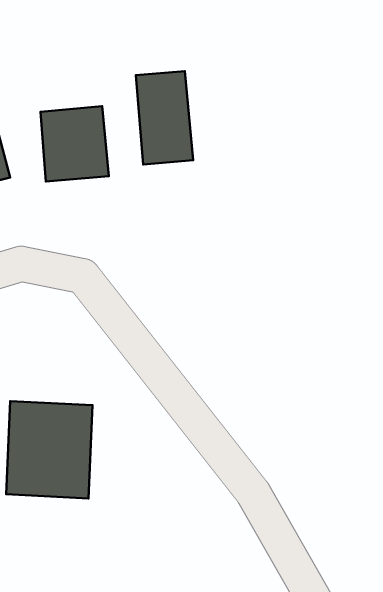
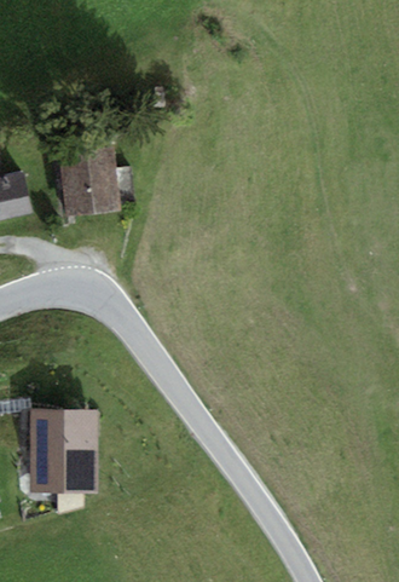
building: [136,71,193,165] -> none

